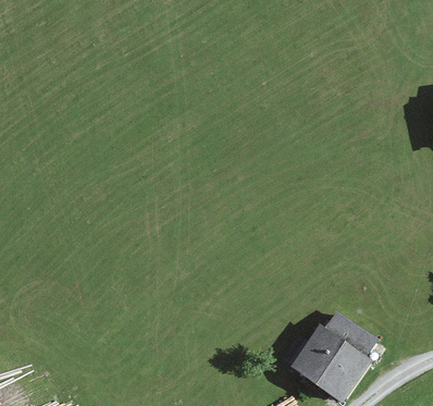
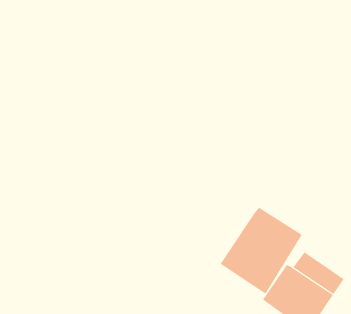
building: none -> [220,207,302,295]

